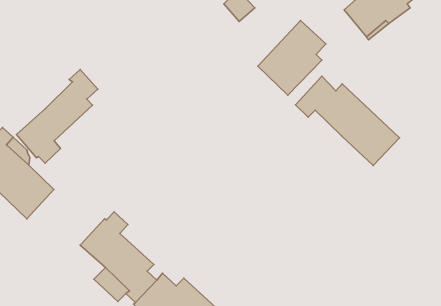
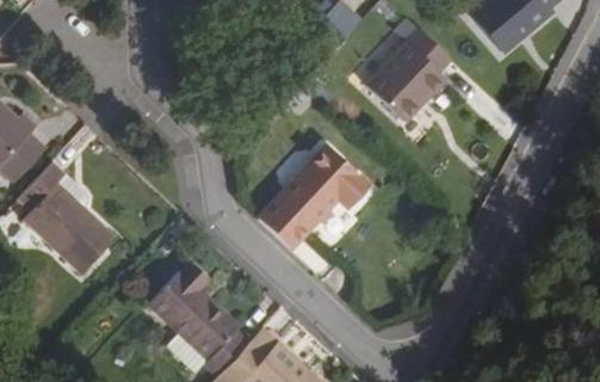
building: [17,69,98,163] -> none
building: [295,76,400,165] -> none
building: none -> [259,146,371,249]

